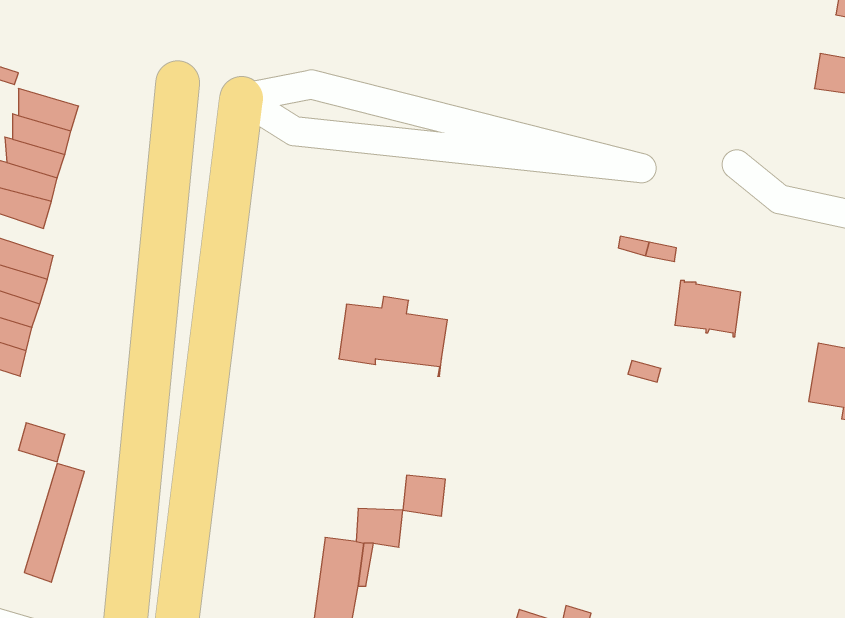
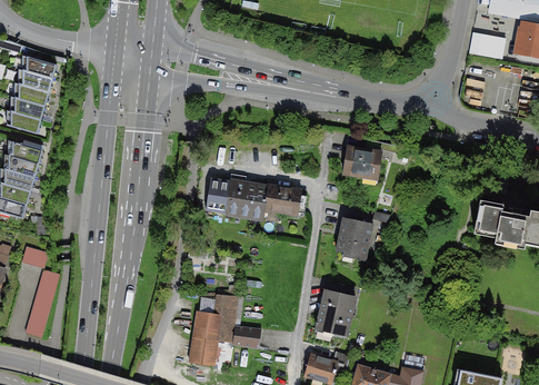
building: [675,280,741,337] -> [342,147,380,179]
building: none -> [263,185,300,215]
building: none -> [336,217,372,260]
building: [403,475,445,516] -> [231,325,256,348]
building: none -> [315,289,355,336]

